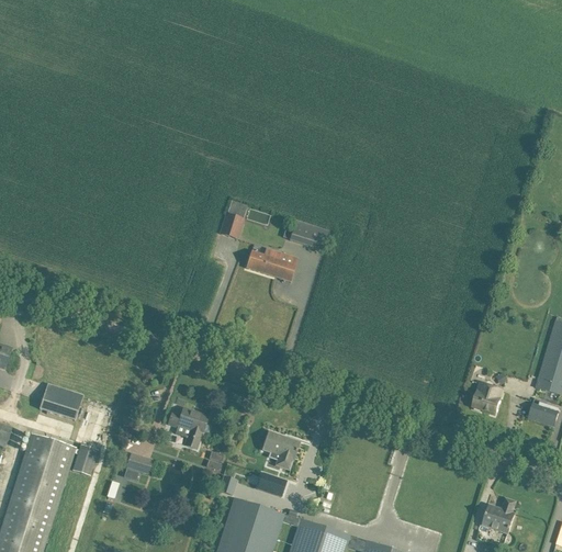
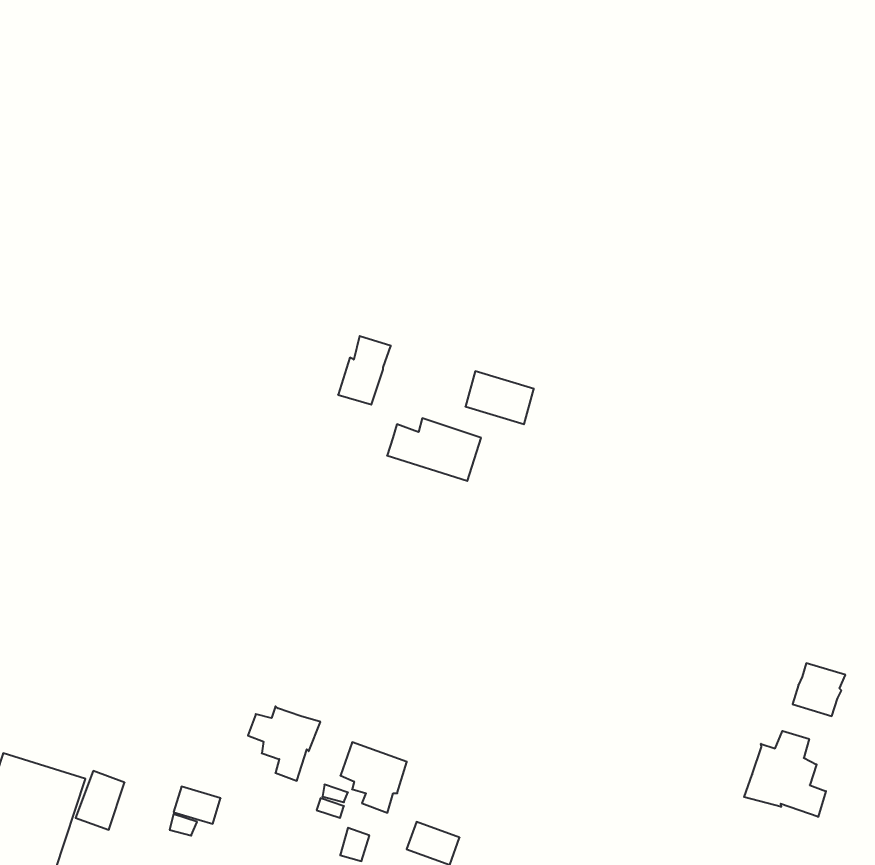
building: [38,385,82,423] -> none
building: none -> [744,731,826,817]
building: [262,431,300,471] -> [340,742,407,813]

